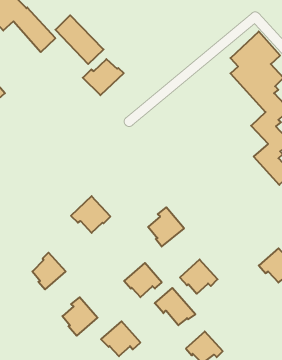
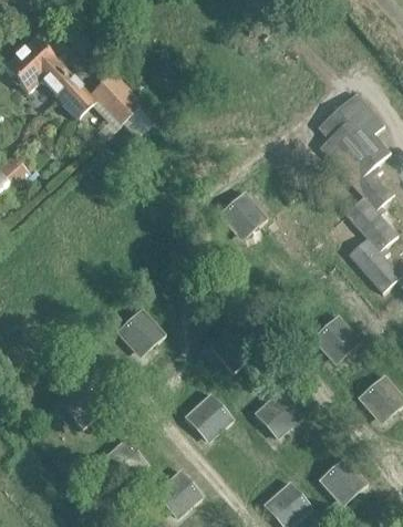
building: [83,59,124,95] -> none
building: none -> [218,192,268,236]
building: none -> [311,314,361,359]
building: [155,288,195,325] -> none
building: none -> [320,457,369,500]

